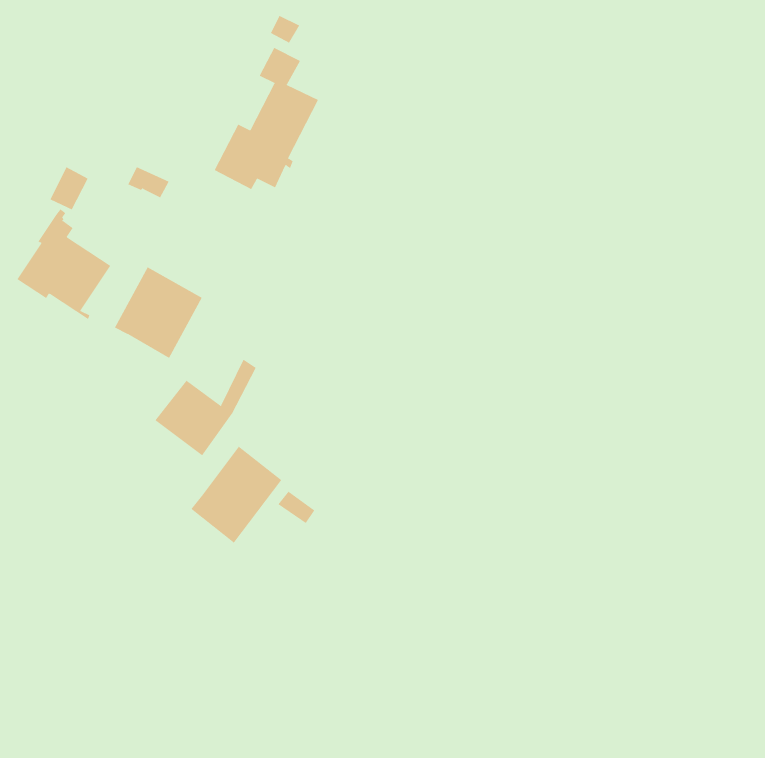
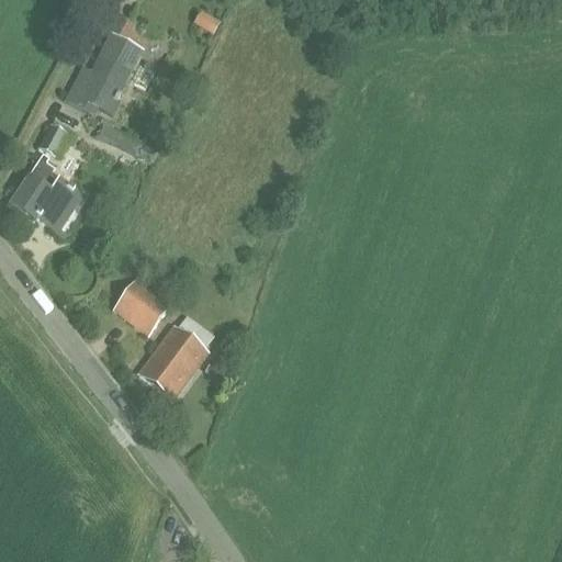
building: [214,47,319,190] -> [65,8,142,112]
building: [114,267,203,359] -> none

